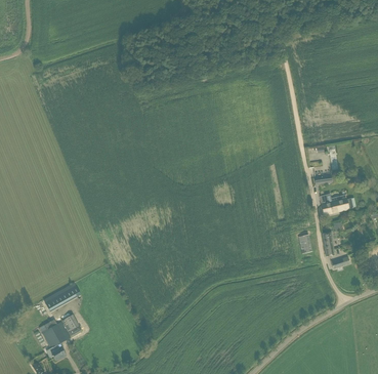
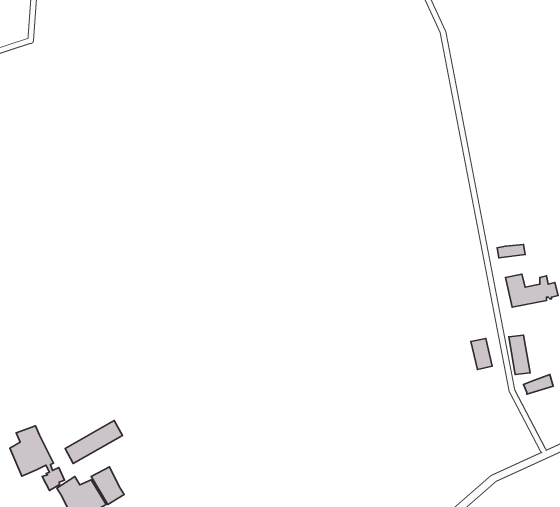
building: none -> [10,426,65,490]

